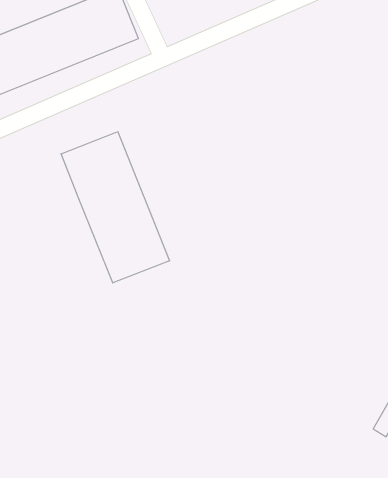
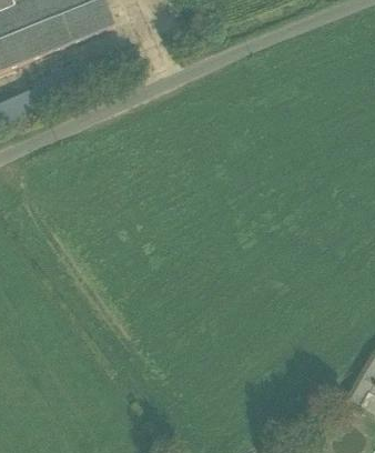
building: [61,132,170,283] -> none

